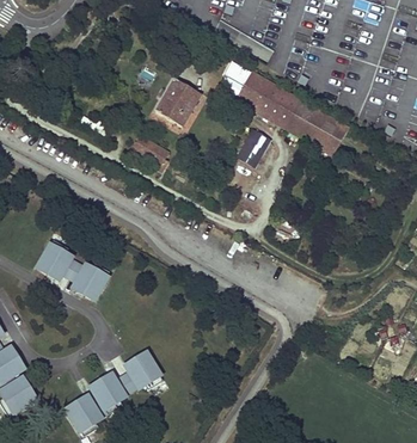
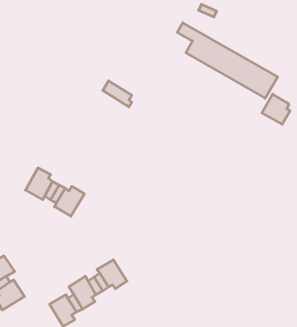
building: [155,73,202,122] -> none
building: [235,125,270,167] -> none
building: none -> [262,94,290,124]

